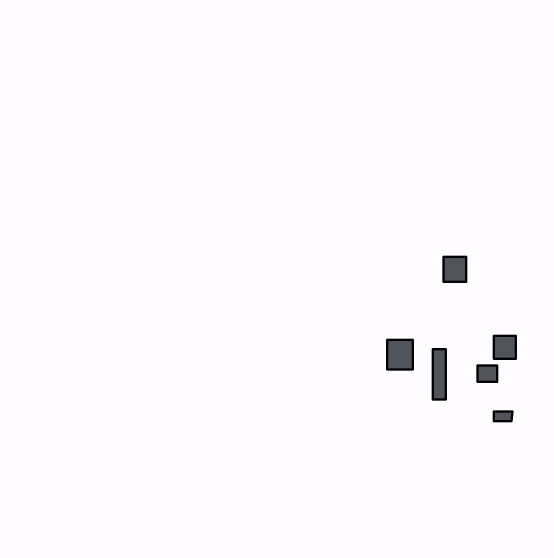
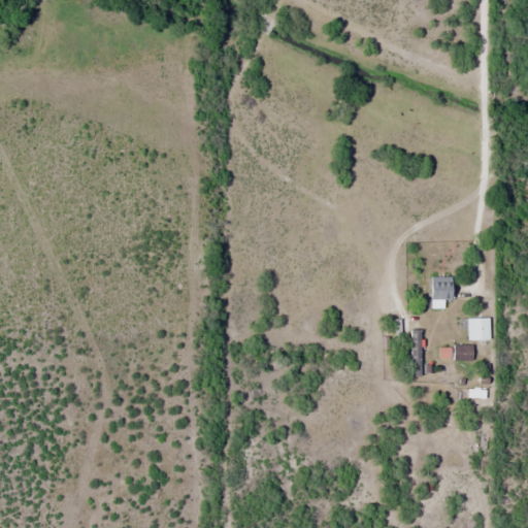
building: [443,257,466,282] -> [431,276,453,300]
building: [387,340,413,369] -> none

